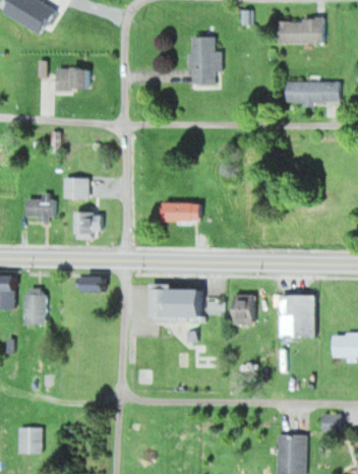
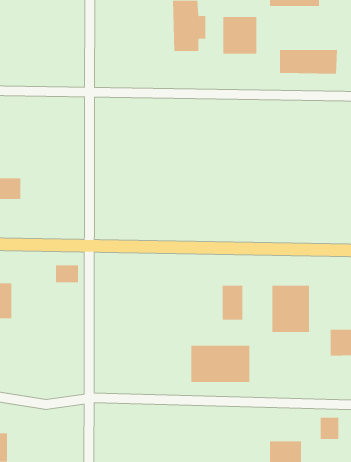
building: none -> [223,16,257,55]
building: [55,68,87,91] -> none
building: [63,178,86,199] -> none
building: [161,203,198,223] -> none
building: [73,212,101,239] -> none
building: [148,288,202,321] -> [191,345,250,382]

